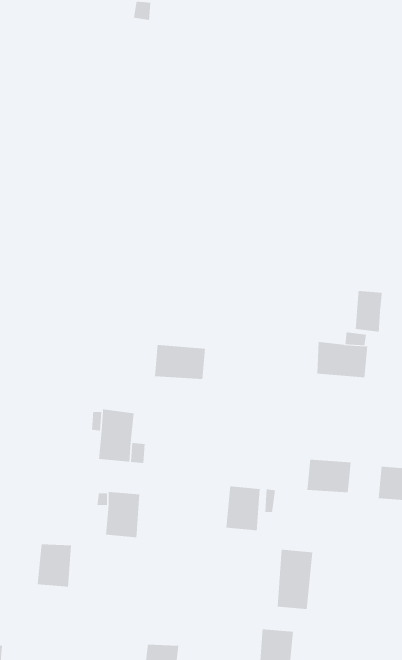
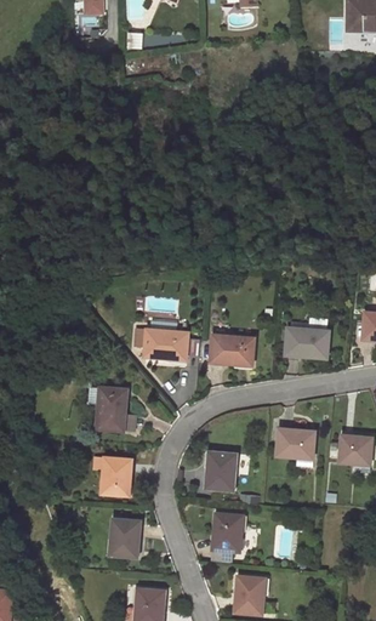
building: [355,290,382,332] -> none
building: none -> [210,334,253,365]
building: [37,544,72,587] -> [110,519,141,557]
building: [277,549,313,610] -> [212,512,244,564]

